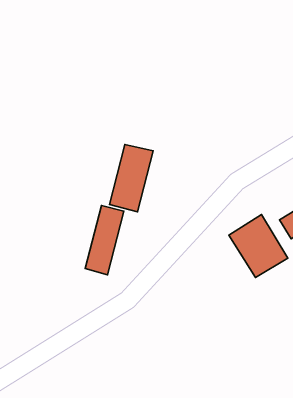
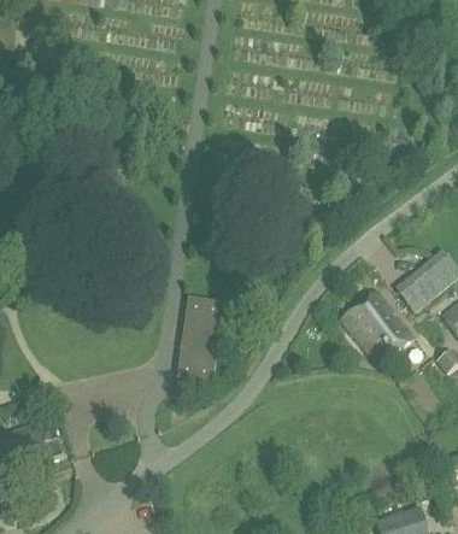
building: [110,145,153,212] -> none

